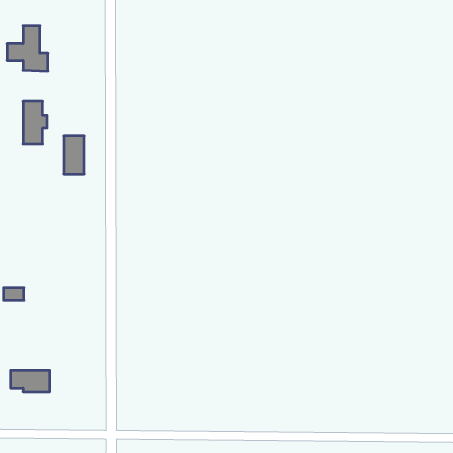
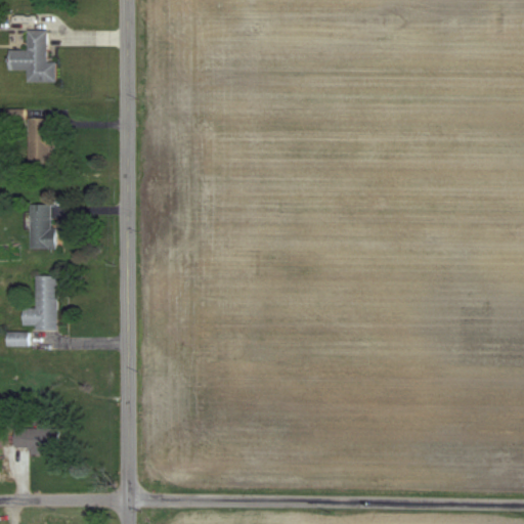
building: [64,136,84,174] -> [29,204,52,248]
building: none -> [20,274,56,328]

